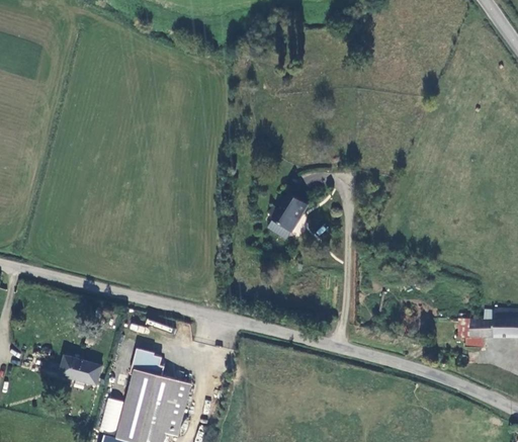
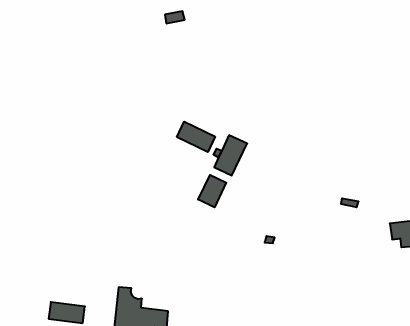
building: none -> [177,122,215,152]
building: none -> [198,175,226,207]

